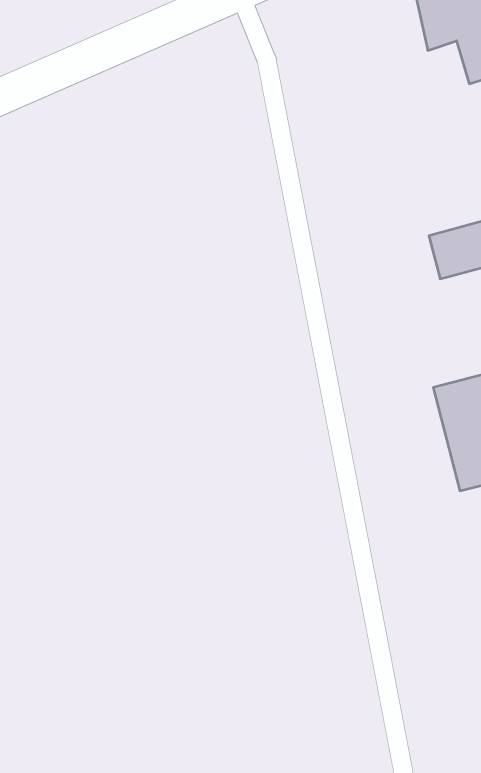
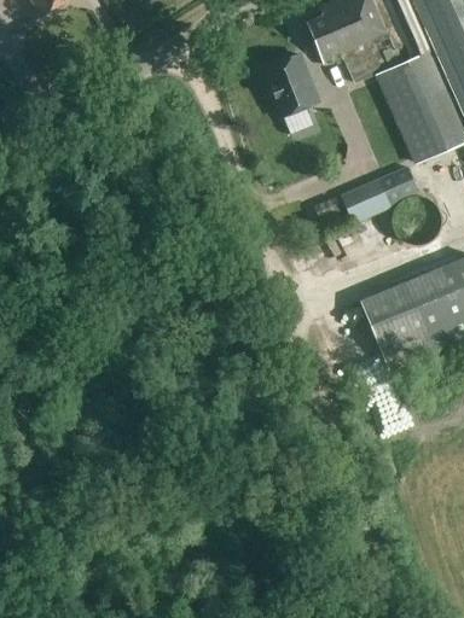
building: none -> [261,52,317,113]

